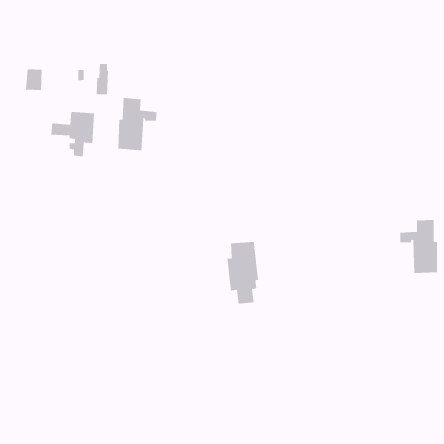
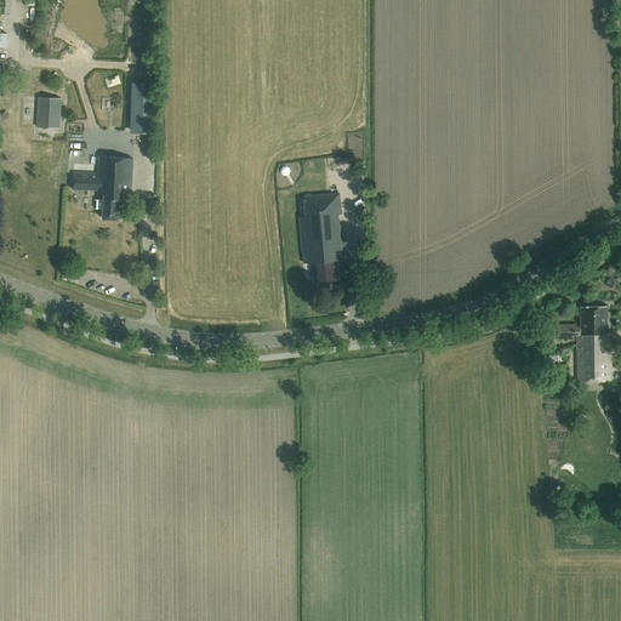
building: [118,97,157,151] -> none
building: [227,242,259,304] -> [298,193,343,280]

